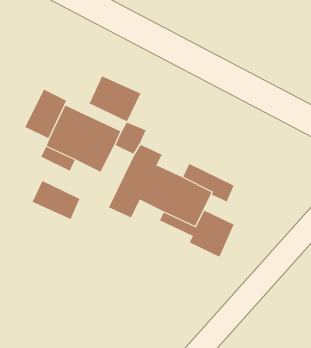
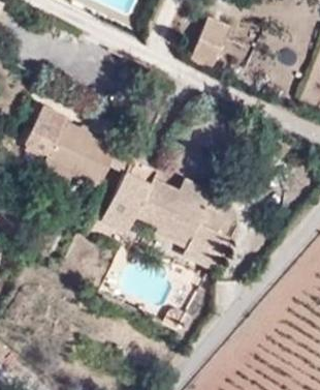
building: none -> [194,23,230,70]
building: [89,75,141,122] -> none
building: [32,180,80,220] -> none

